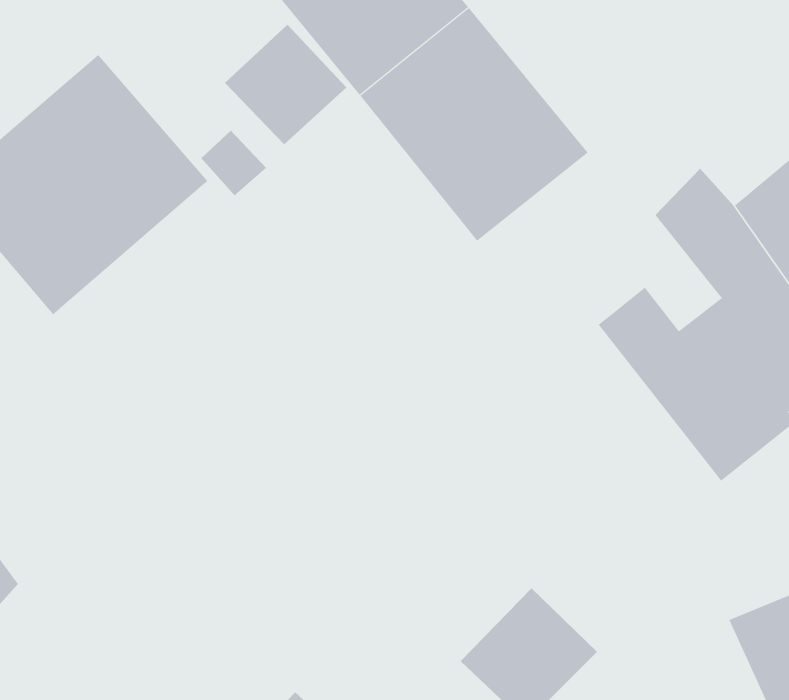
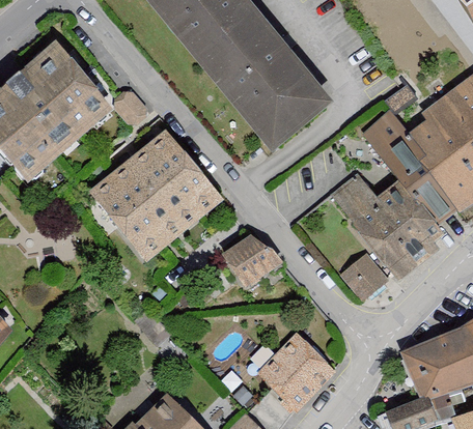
building: [224,24,347,145] -> none
building: none -> [91,132,223,261]
building: none -> [224,238,273,287]
building: none -> [338,247,388,296]

